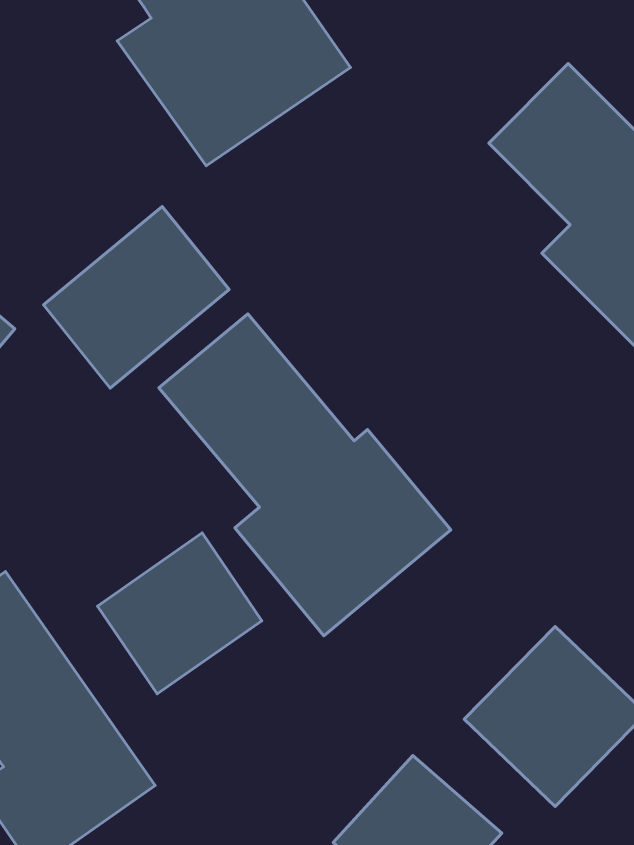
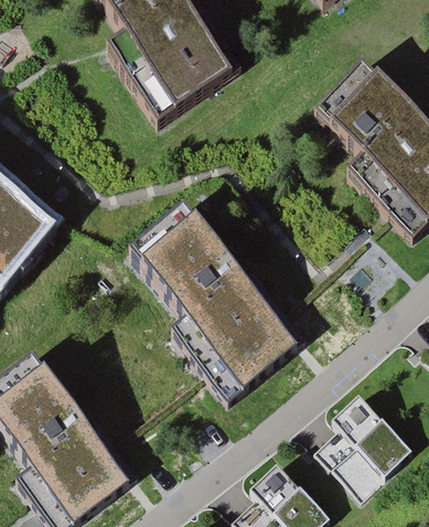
building: [43,206,229,388] -> none
building: [98,533,262,694] -> none

